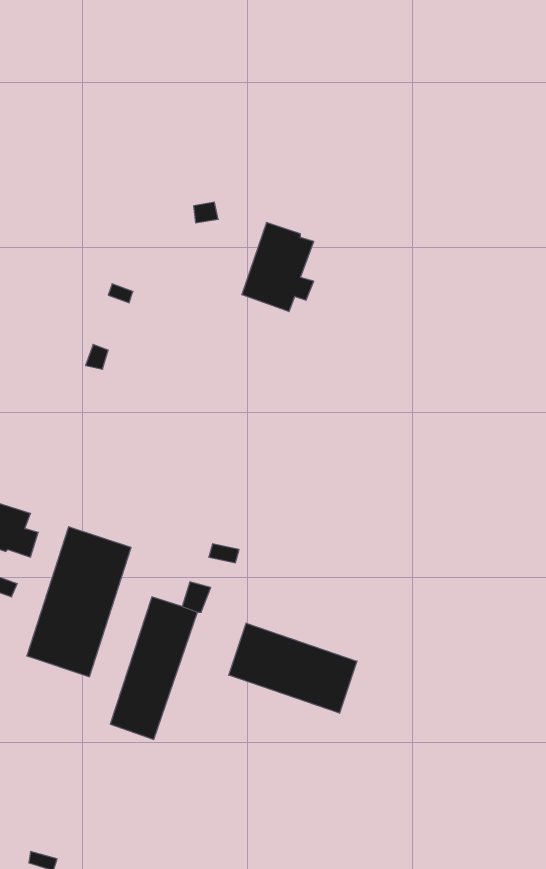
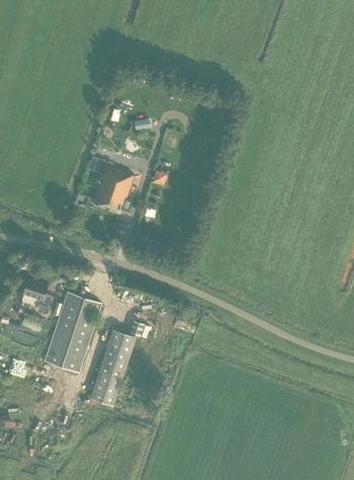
building: [242,222,314,312] -> [94,166,132,214]
building: [229,623,357,713] -> none

